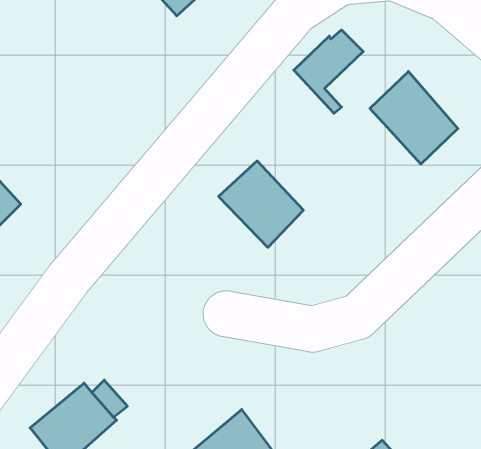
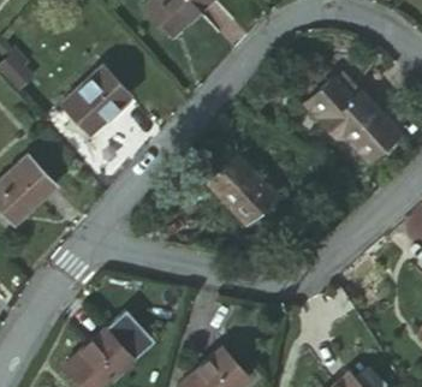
building: [294,30,363,113] -> [302,69,356,133]
building: none -> [65,70,132,137]

